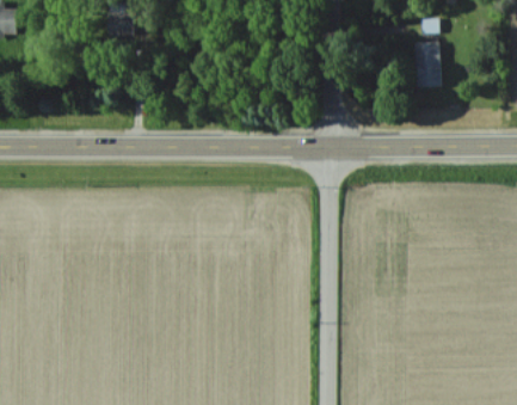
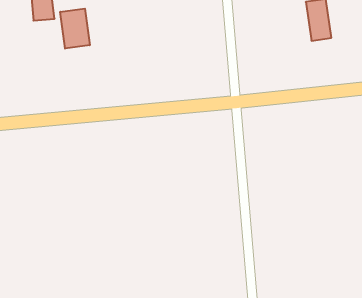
building: none -> [60,9,90,49]

